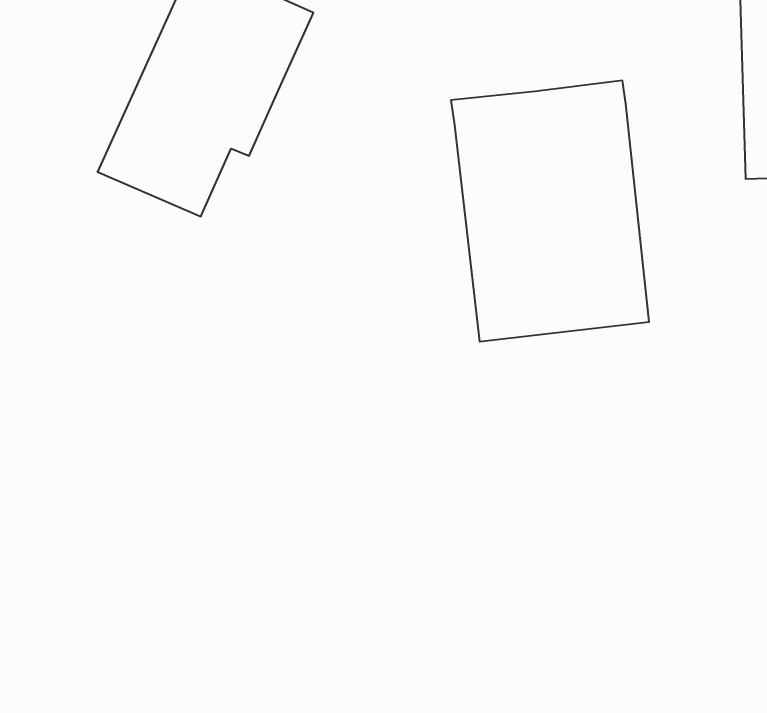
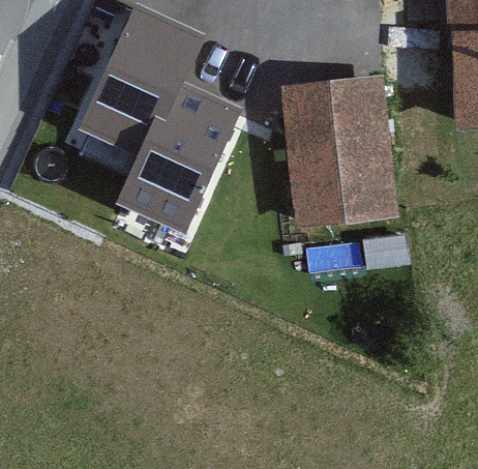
building: none -> [116,79,245,234]

